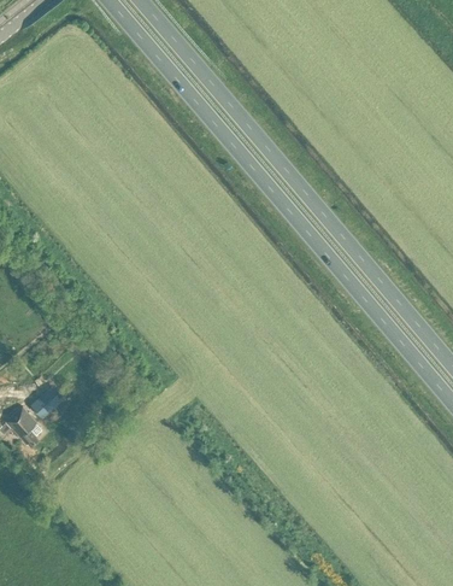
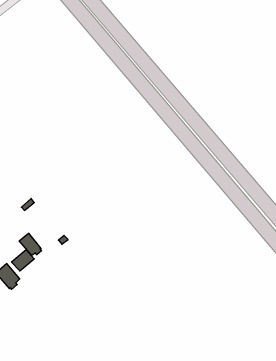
building: none -> [19,233,41,256]

